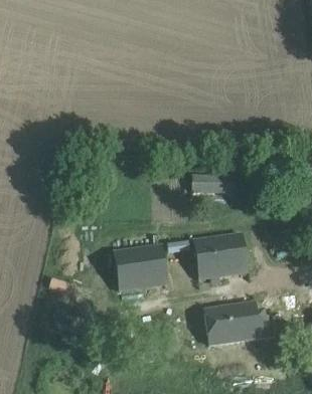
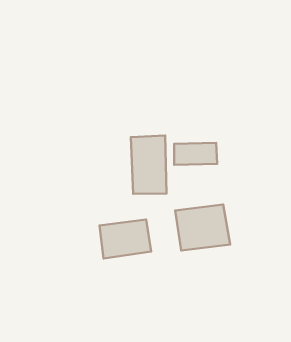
building: none -> [131,136,166,194]
building: [203,301,277,346] -> none

